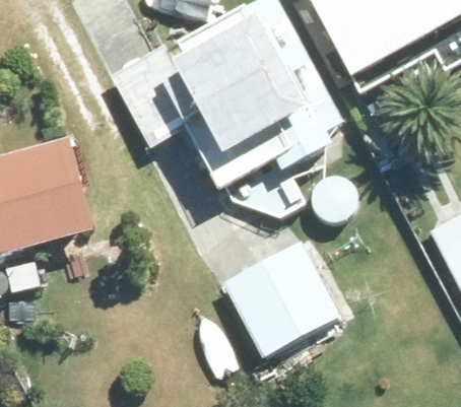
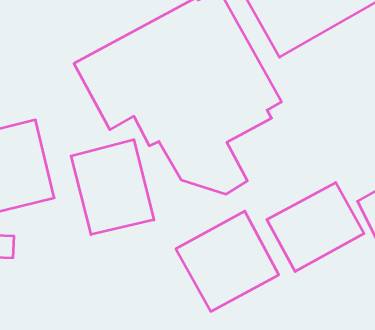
building: none -> [71,140,154,235]
building: none -> [267,182,364,272]

